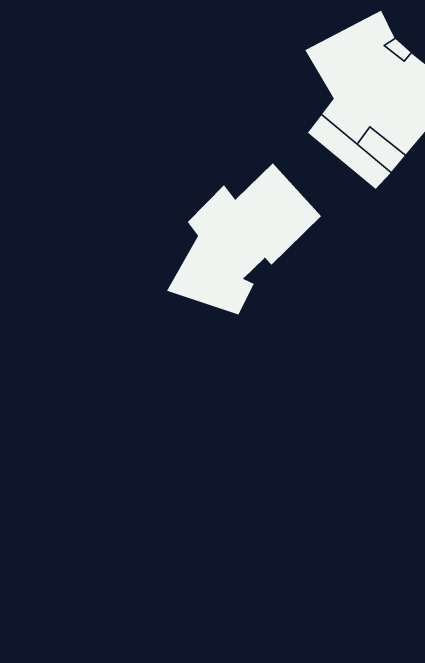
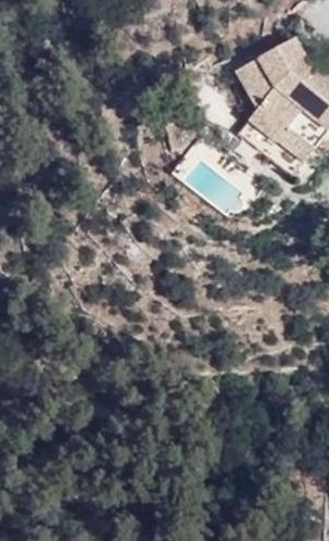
building: [166,162,322,315] -> none

